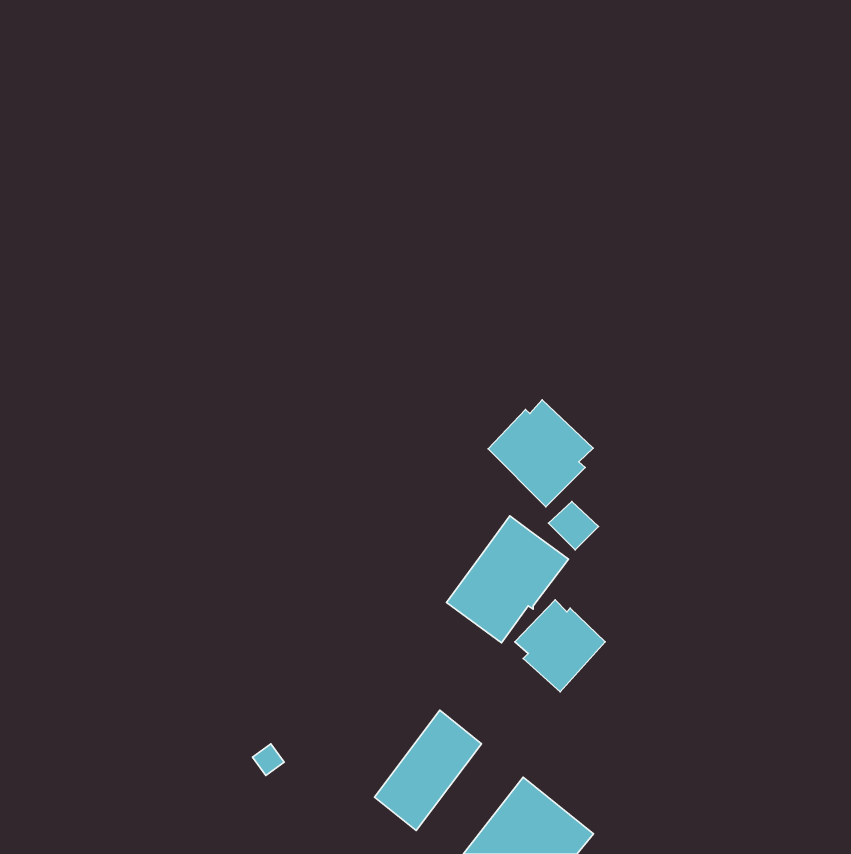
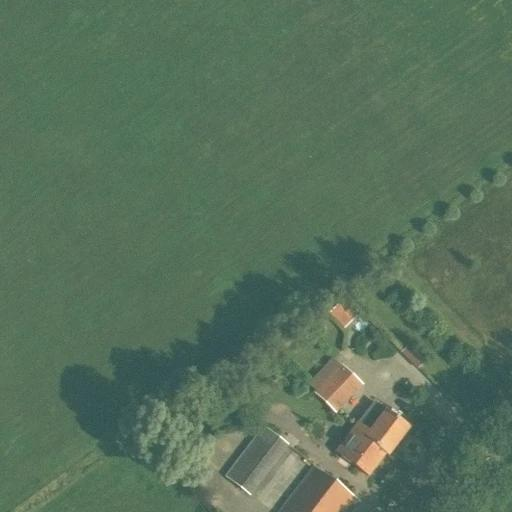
building: [488,400,593,507] -> none
building: [446,516,568,643] -> [337,401,410,477]

